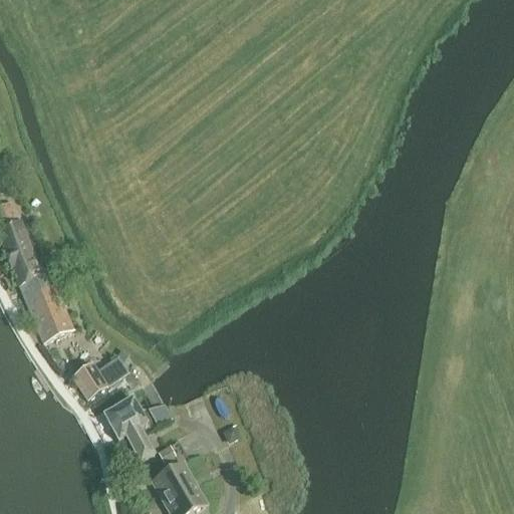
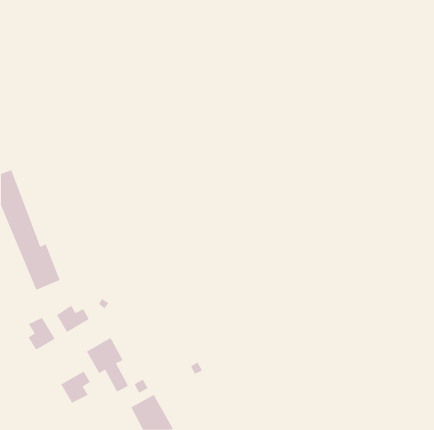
building: none -> [28,317,56,351]
building: none -> [60,371,91,403]

